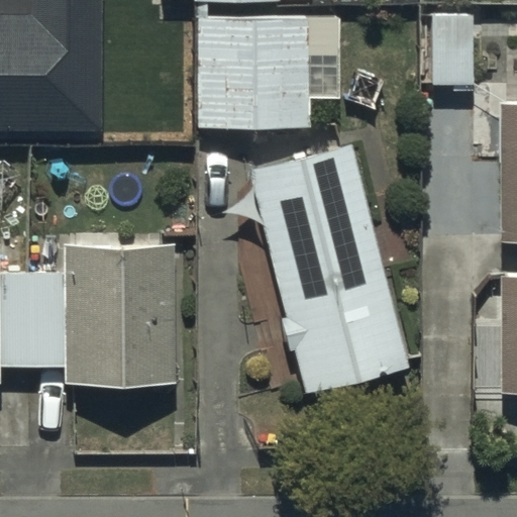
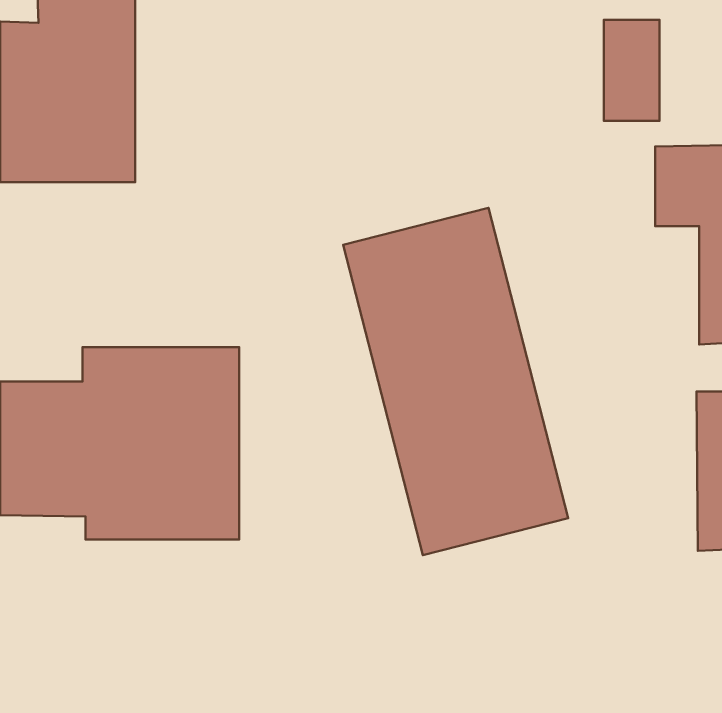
building: [198,19,339,125] -> none

